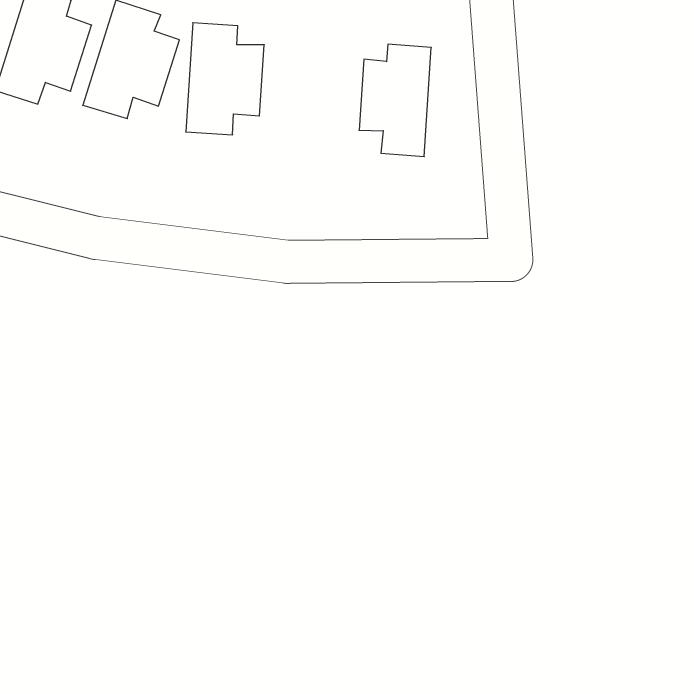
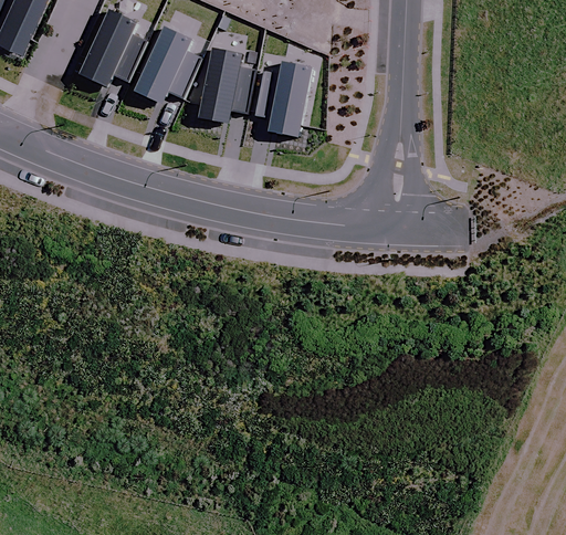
building: [359,44,431,157] -> [256,61,310,136]

